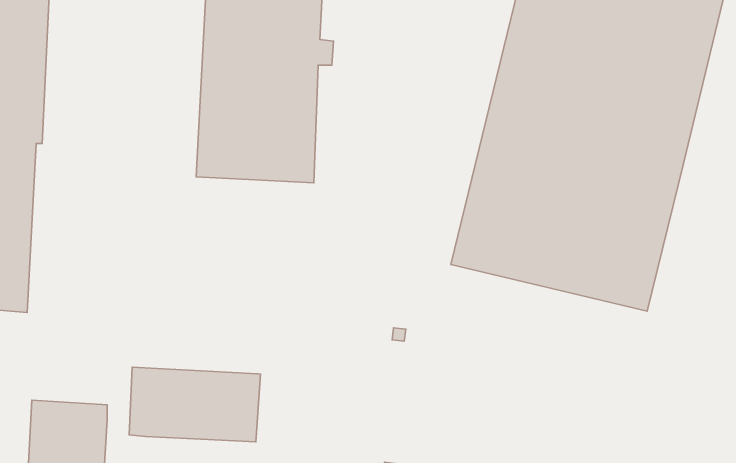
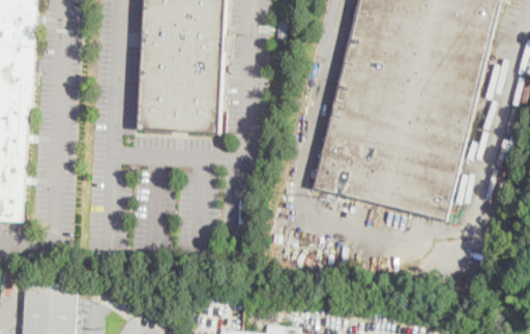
building: [129,367,261,442] -> none

